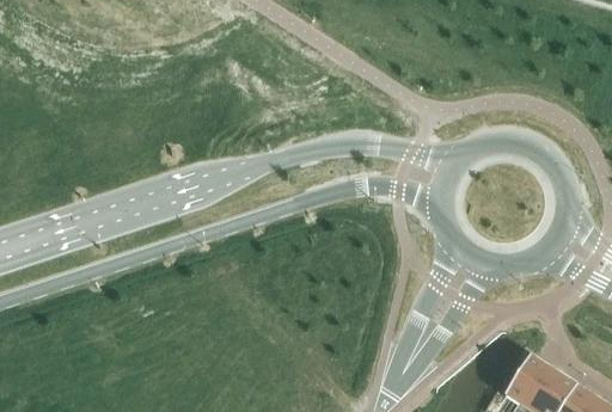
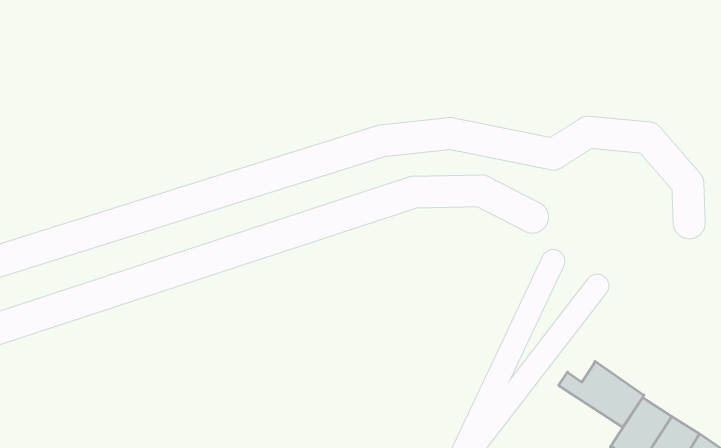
building: none -> [559,361,644,427]

